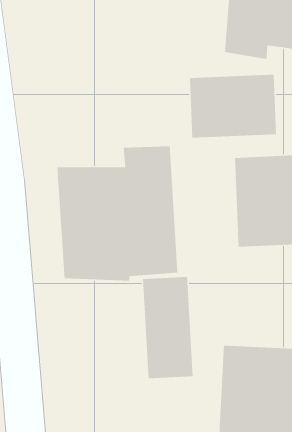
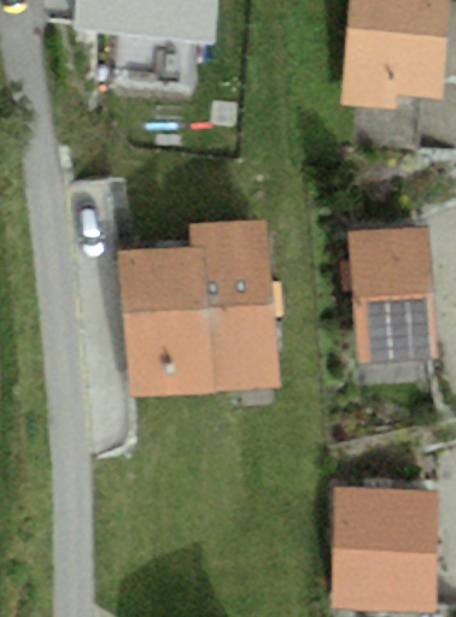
building: [189,74,277,138] -> none
building: [142,276,194,379] -> none

